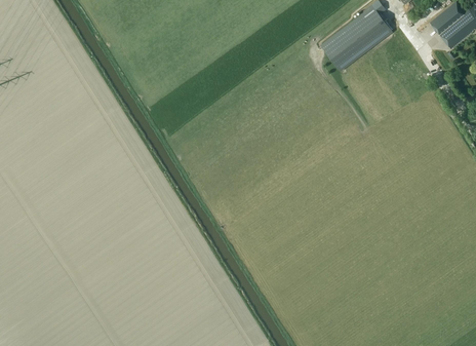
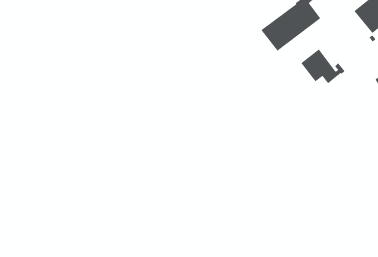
building: none -> [300,49,345,84]

